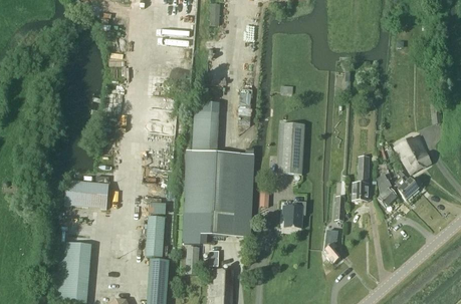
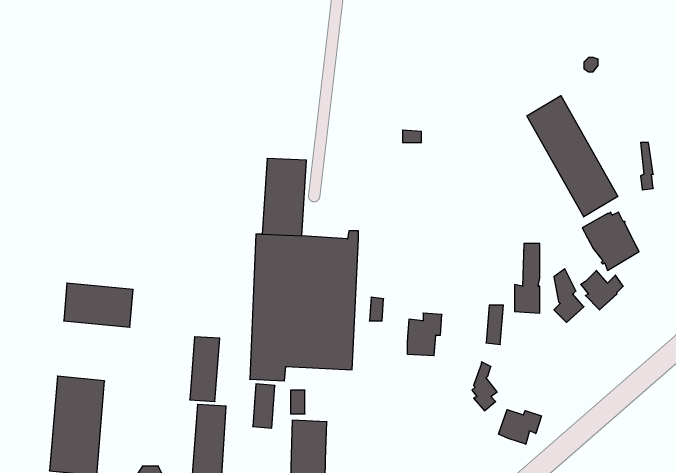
building: none -> [527,96,618,217]
building: [278,121,305,173] -> none
building: none -> [499,410,541,444]

